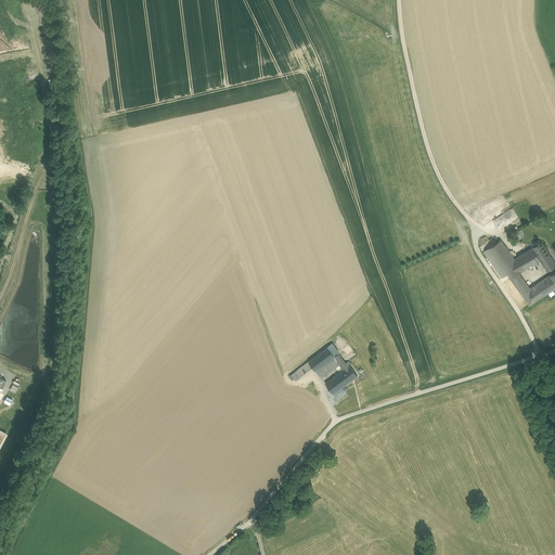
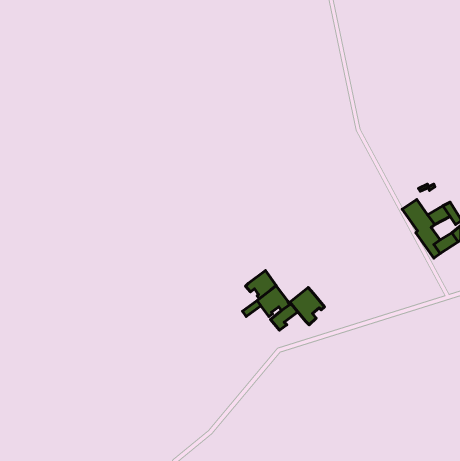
building: none -> [246,271,276,299]
building: none -> [290,288,325,325]

